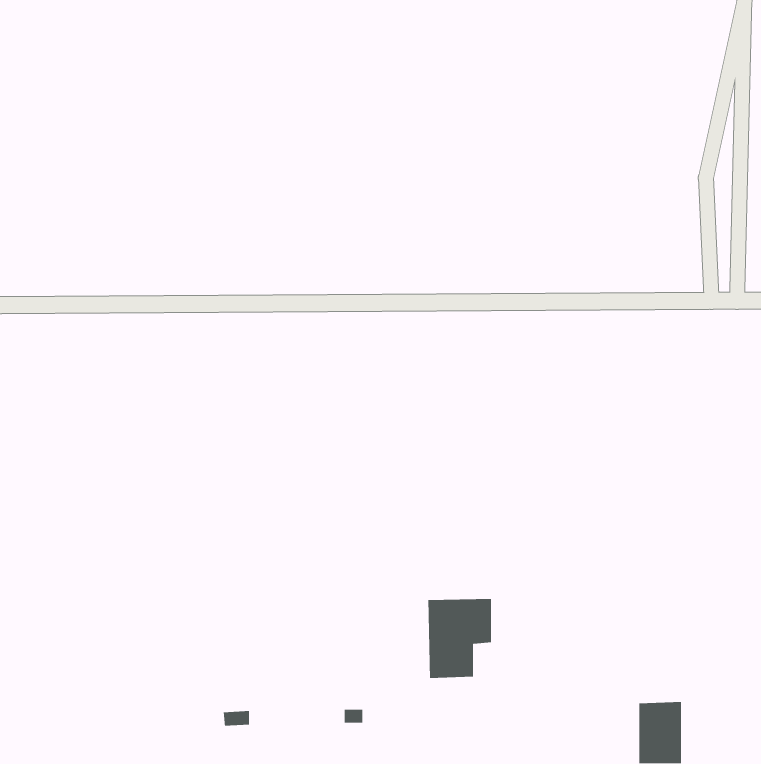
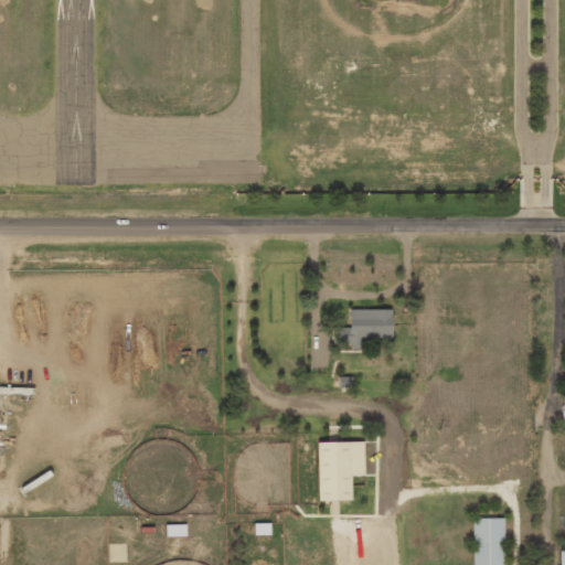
building: none -> [333,309,393,349]

